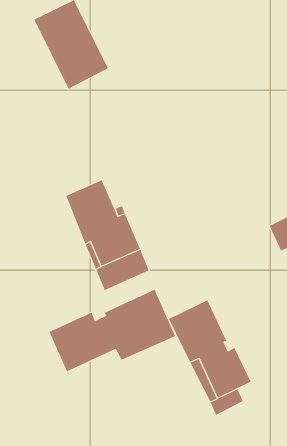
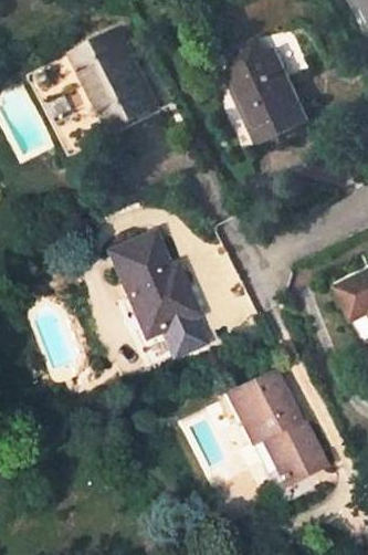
building: none -> [227,45,309,142]
building: [49,289,176,372] -> none

